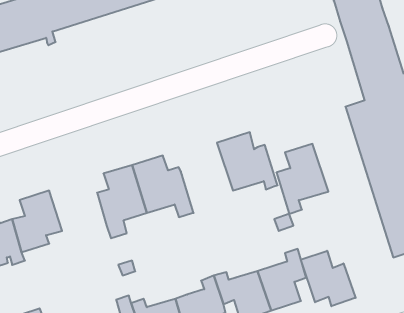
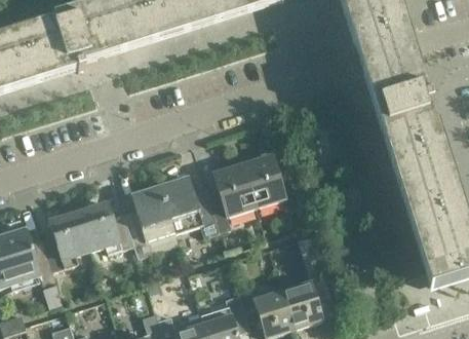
building: [276,144,328,214] -> [206,164,257,232]
building: none -> [79,201,134,253]
building: [301,251,356,306] -> none

